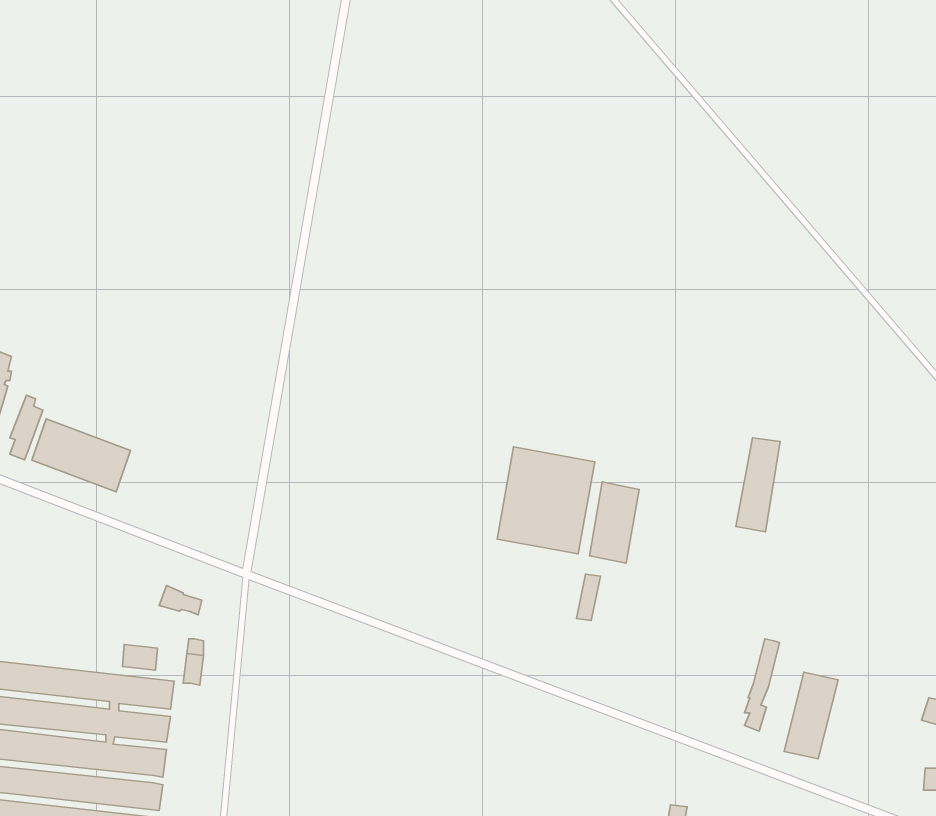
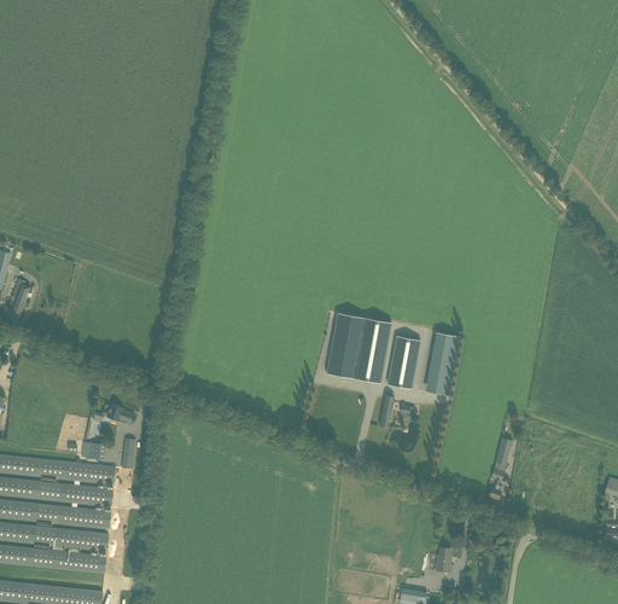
building: [32,419,131,492] -> none
building: [736,438,780,532] -> [428,333,457,395]
building: [784,672,838,759] -> none

